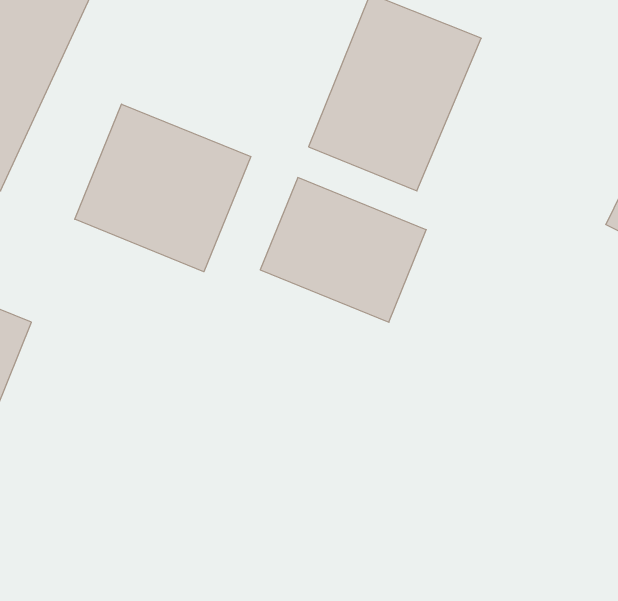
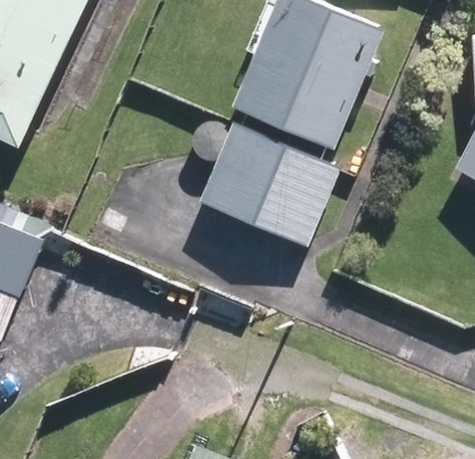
building: [75,104,251,272] -> none

